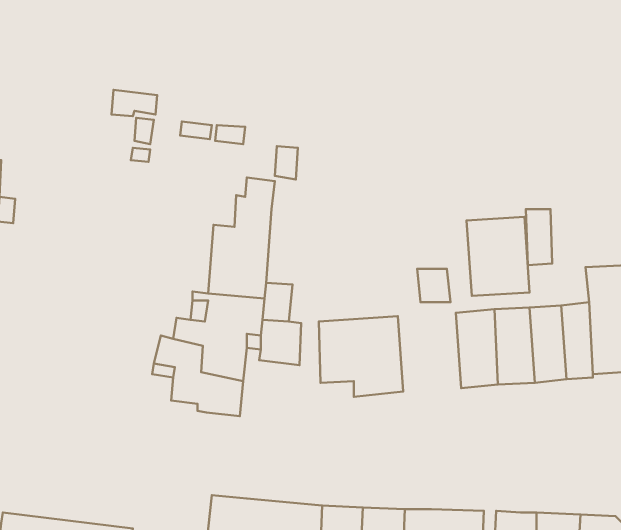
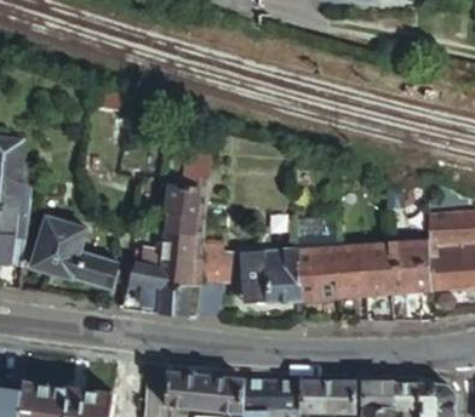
building: [466,217,530,296] -> [296,246,339,301]
building: none -> [30,217,119,297]

